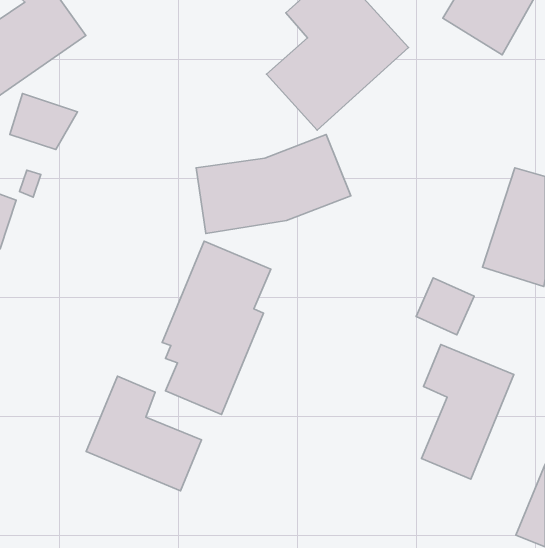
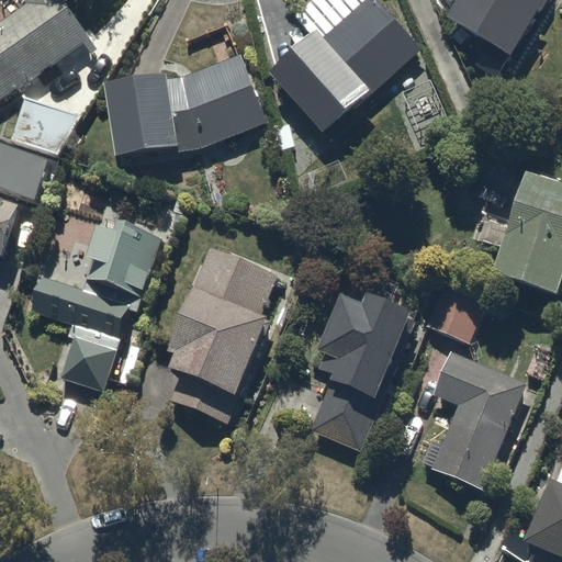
building: [196,134,351,234] -> [105,53,263,154]
building: none -> [30,218,158,390]
building: none -> [308,292,412,450]
building: [86,376,202,491] -> none

